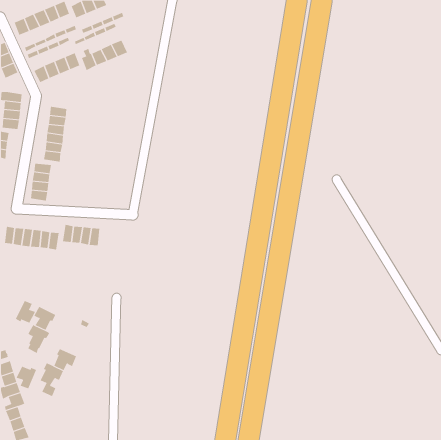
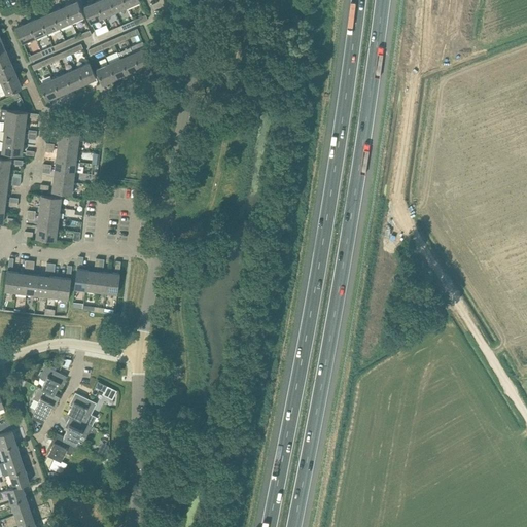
building: [15,300,36,324] -> none
building: none -> [68,393,97,426]
building: [16,366,37,389] -> none

